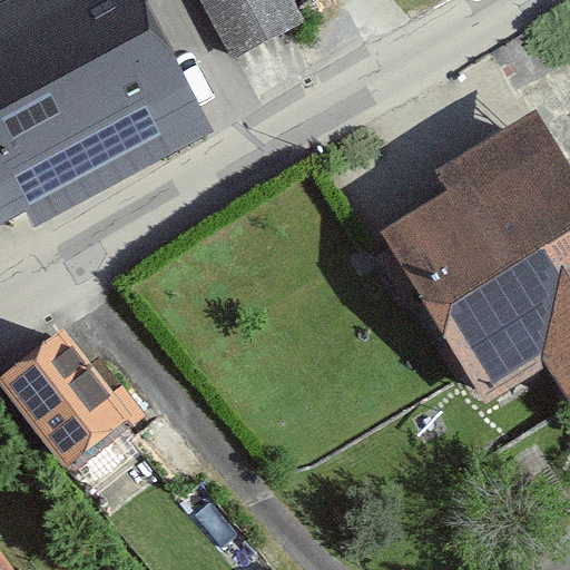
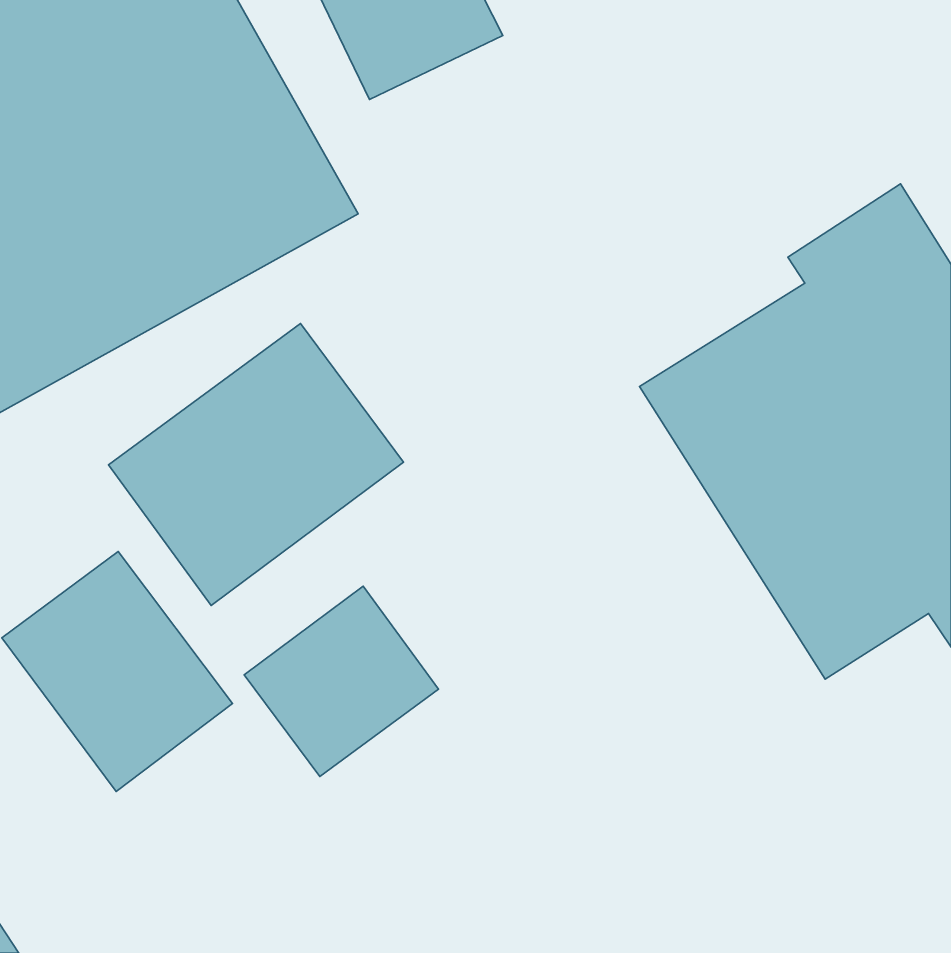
building: none -> [108,324,404,605]
building: none -> [244,586,439,776]

